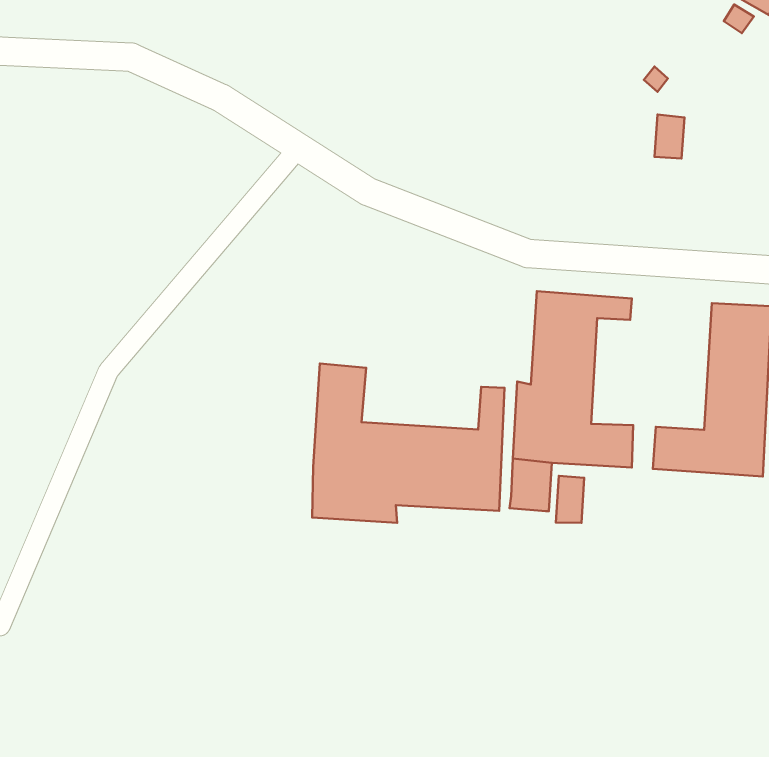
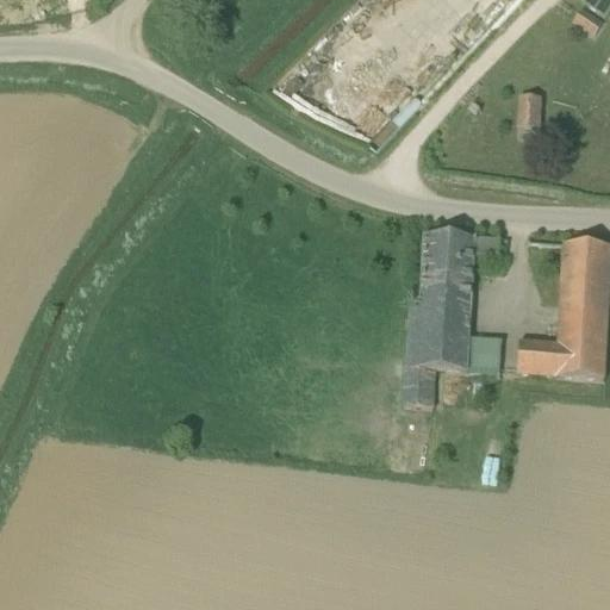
building: [312,364,505,523] -> none
building: [556,476,584,523] -> none

